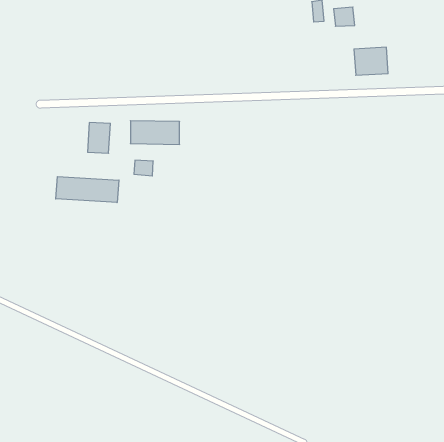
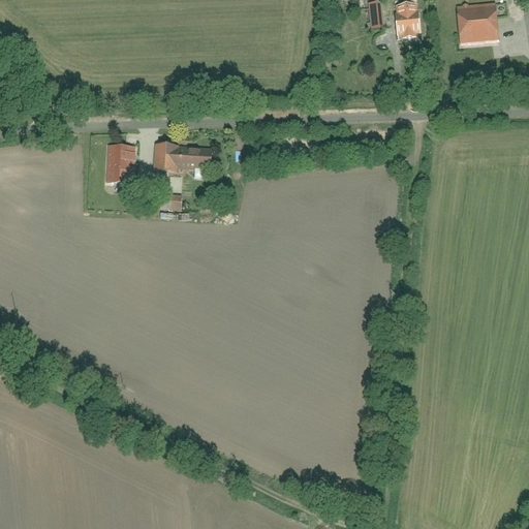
building: [354,47,388,75] -> [459,7,499,40]
building: [56,177,119,203] -> none

